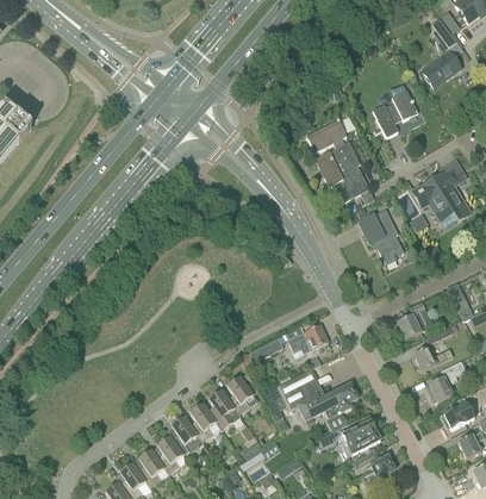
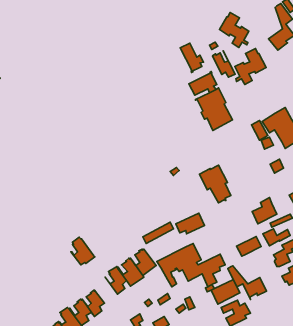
building: none -> [219,12,249,47]
building: none -> [180,43,203,72]
building: none -> [213,51,235,77]
building: [359,207,404,262] -> [200,165,231,203]
building: none -> [236,236,261,256]
building: none -> [228,266,267,299]
building: [169,413,204,454] -> [71,237,95,265]

